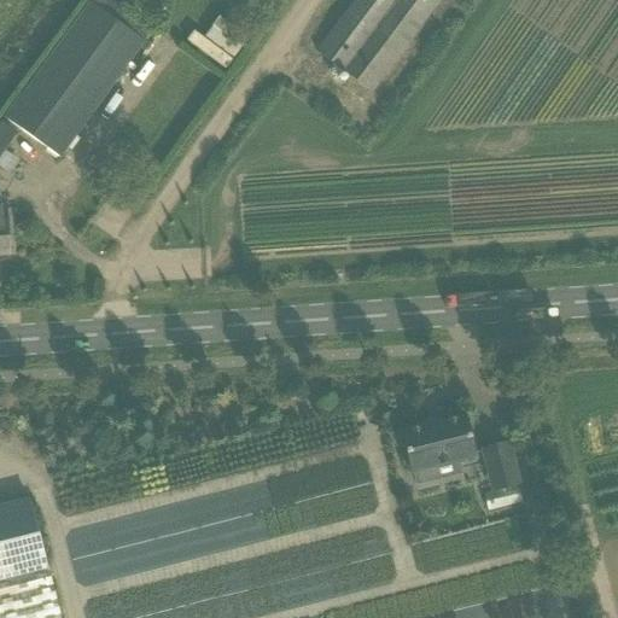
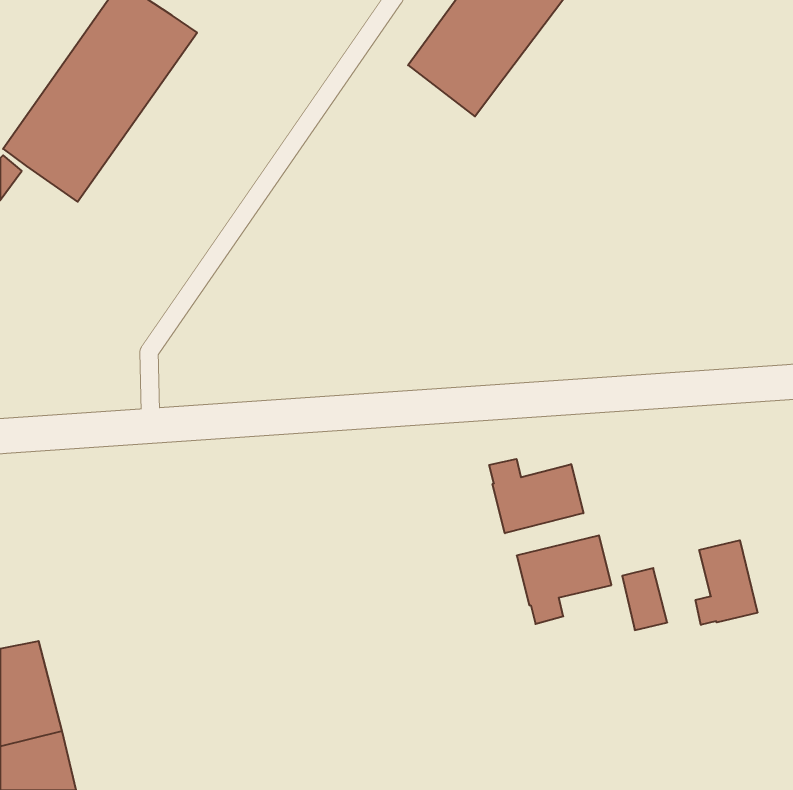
building: none -> [489,459,583,533]
building: none -> [696,540,757,625]

